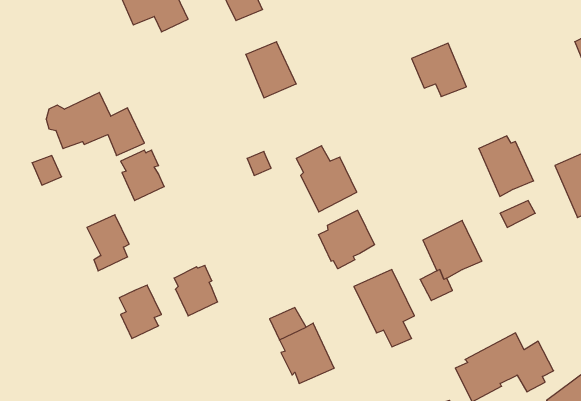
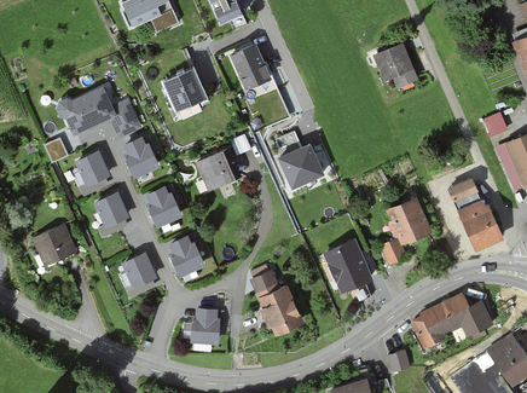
building: none -> [161,67,207,111]
building: [479,136,534,196] -> [457,200,504,252]
building: none -> [193,148,241,192]
building: none -> [74,150,110,198]
building: none -> [144,184,183,229]
building: [318,210,375,269] -> none
building: none -> [29,222,77,268]
building: none -> [183,307,224,345]

